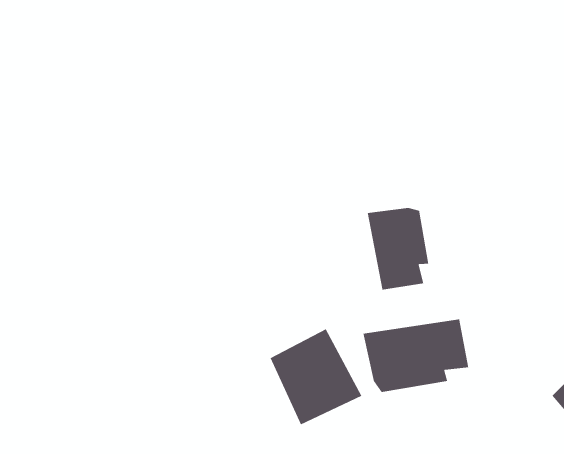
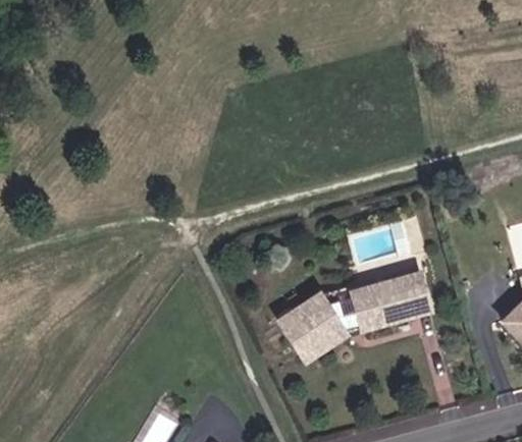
building: [367,207,429,290] -> none

